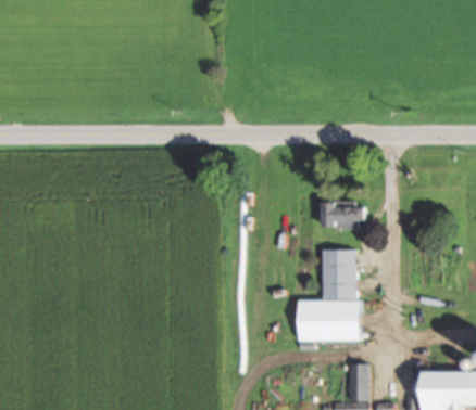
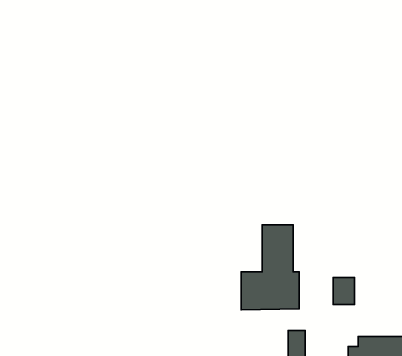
building: [321,202,366,228] -> none
building: none -> [333,277,354,304]

